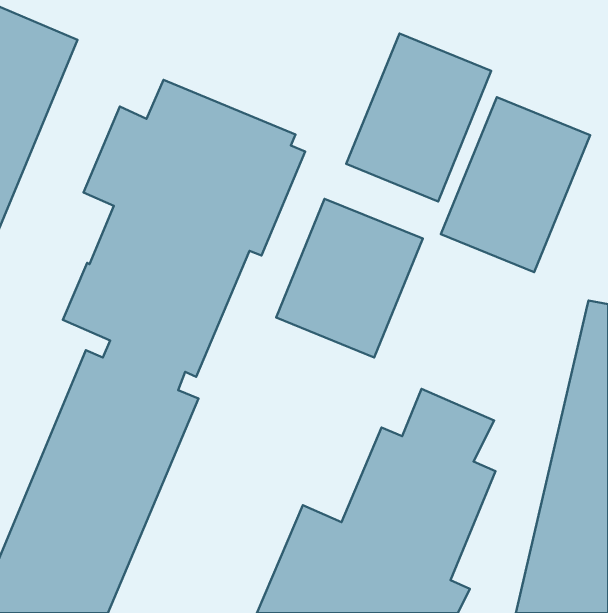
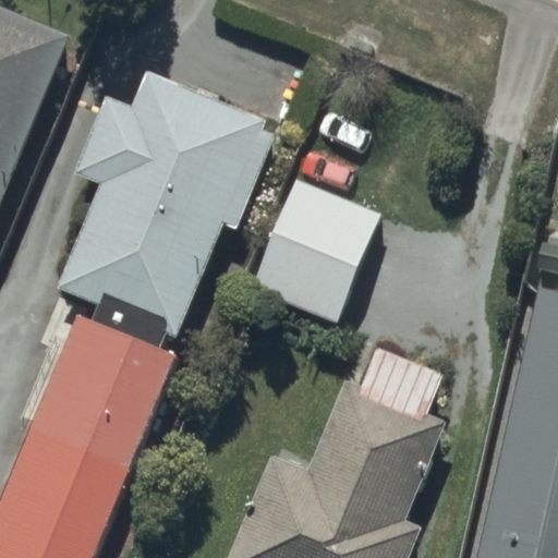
building: [346,33,491,202] -> none
building: [441,97,590,272] -> none

